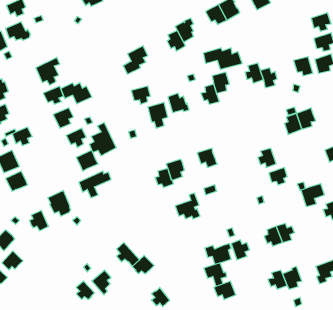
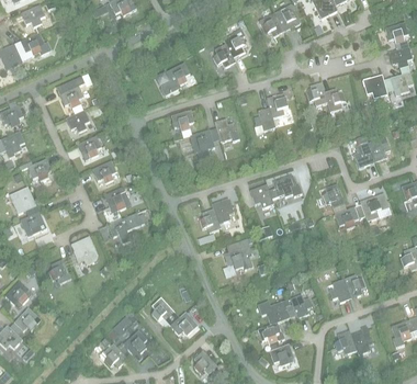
building: [203,48,242,70] -> none
building: [61,83,92,104] -> none
building: [89,122,116,156] -> none
building: none -> [268,174,302,199]
building: [301,184,325,207] -> [360,194,388,222]

